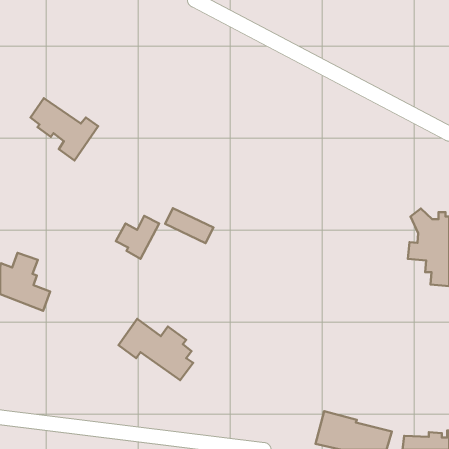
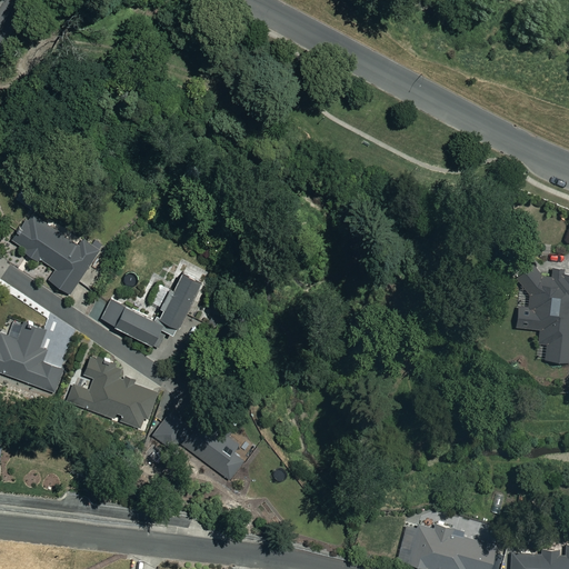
building: [31,98,98,161] -> [13,216,99,295]
building: [165,208,213,243] -> [101,300,162,345]
building: none -> [68,359,158,430]

